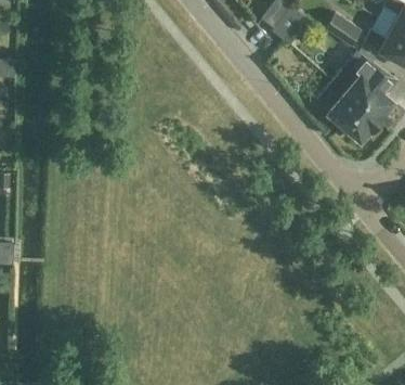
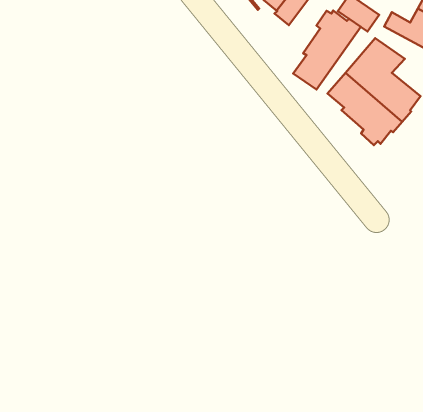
building: none -> [293,10,361,90]

